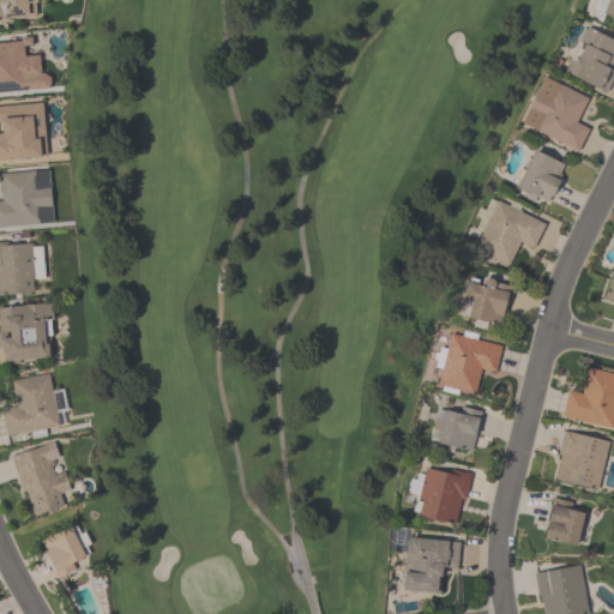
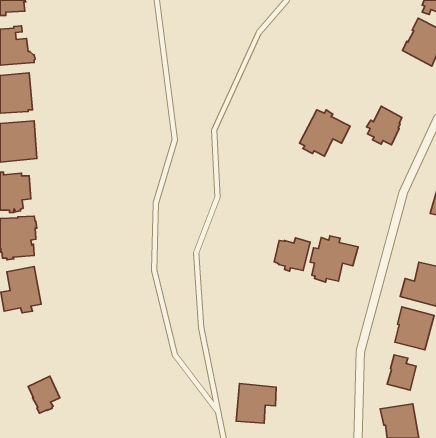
building: [523,76,590,150] -> none
building: [475,200,546,265] -> [300,110,350,156]
building: [464,277,513,325] -> none
building: [432,405,482,452] -> [274,238,310,271]
building: [12,441,71,514] -> none
building: [420,468,472,524] -> none
building: [403,537,459,592] -> [236,384,276,423]

